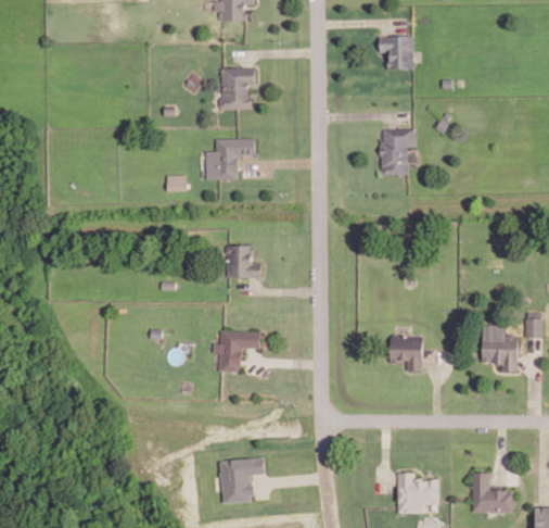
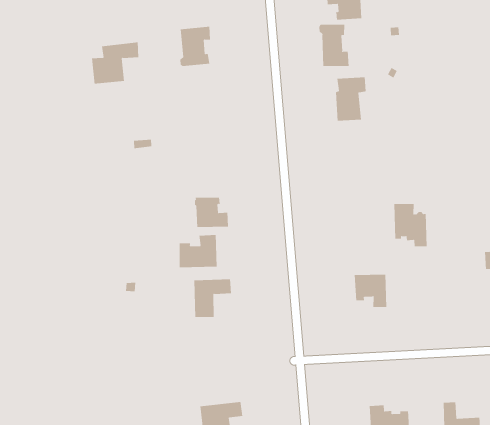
building: none -> [319,24,349,67]
building: [205,137,255,178] -> [91,42,139,84]
building: none -> [179,234,217,268]
building: [482,324,516,370] -> [394,204,427,247]

